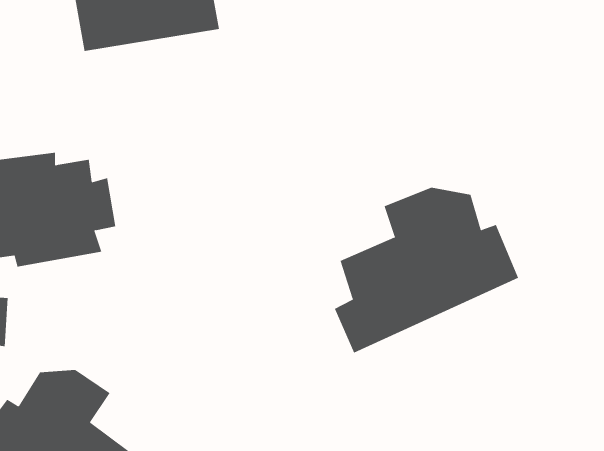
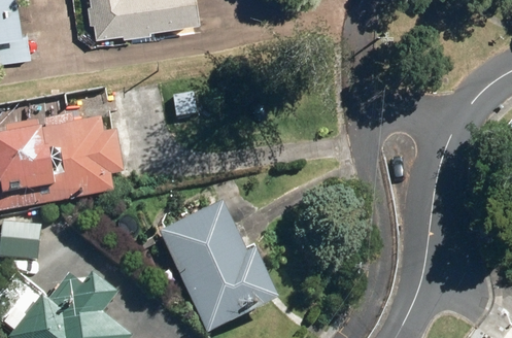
building: [334,187,519,354] -> none
building: none -> [160,209,271,328]

